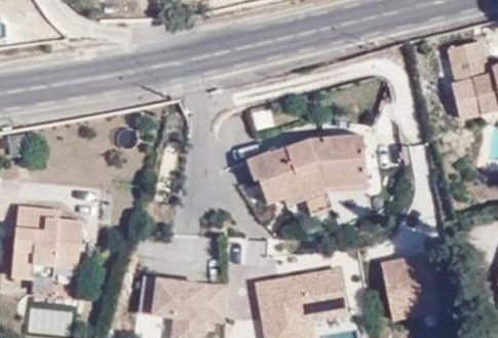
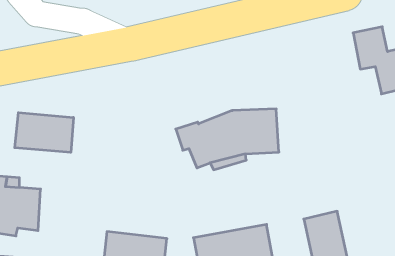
building: none -> [15,113,73,152]

